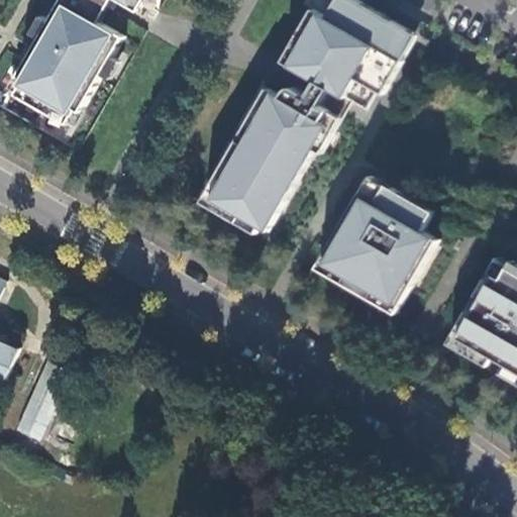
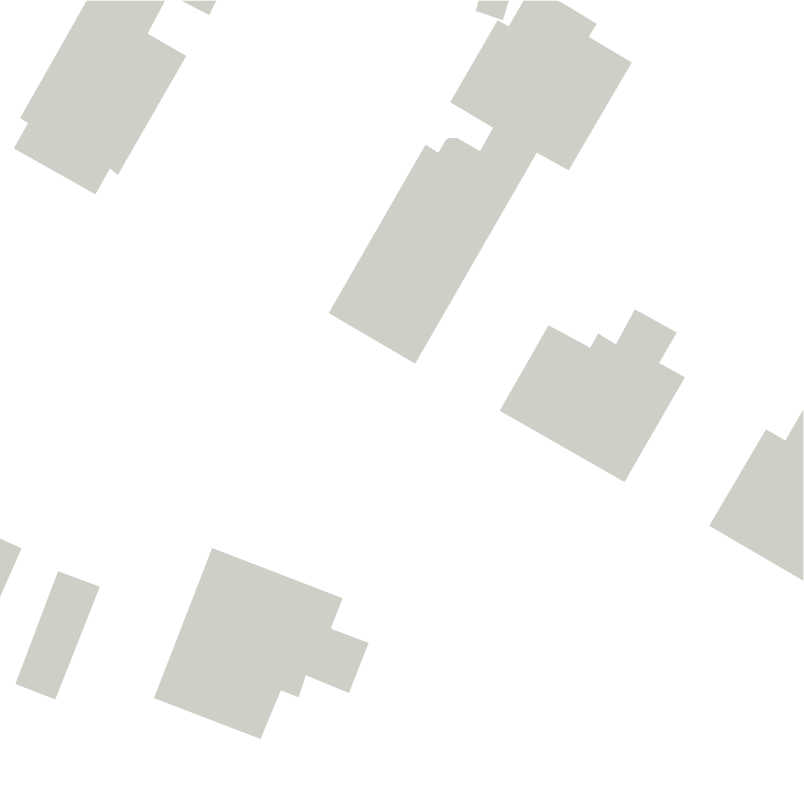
building: [346,177,401,222] -> none
building: none -> [153,547,370,740]

